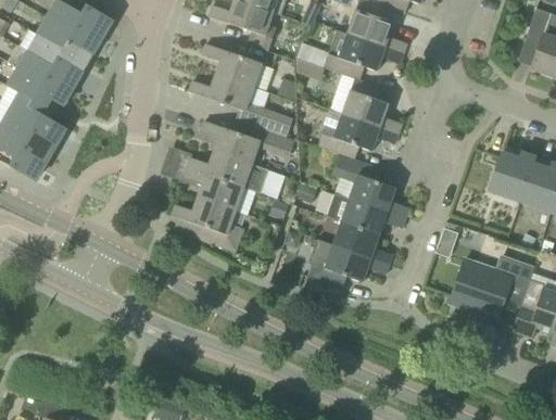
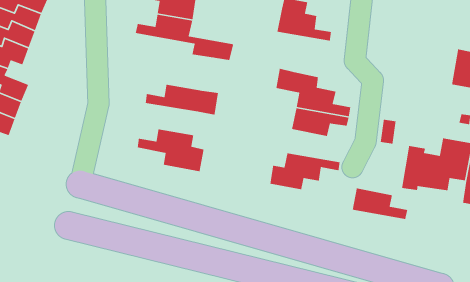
building: [316,113,397,158] -> none
building: [200,119,294,163] -> none
building: [488,144,535,200] -> none
building: [184,167,242,209] -> none
building: [331,220,392,264] -> [352,187,408,220]

